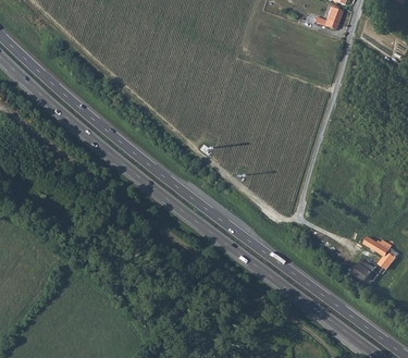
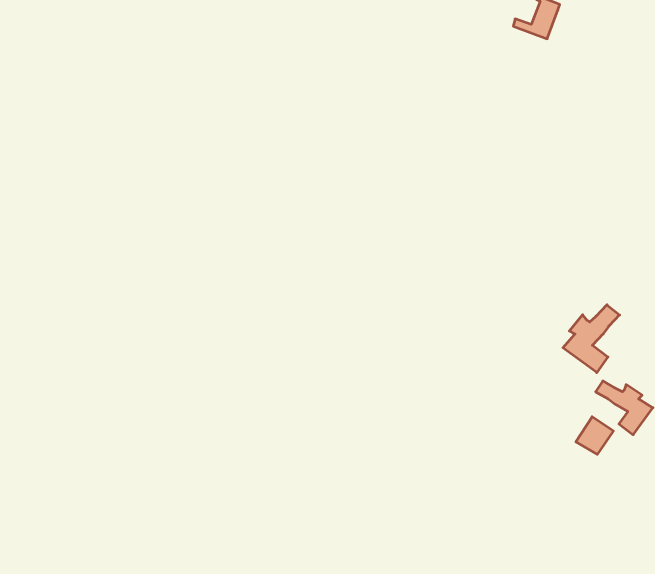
building: none -> [563,305,620,373]

